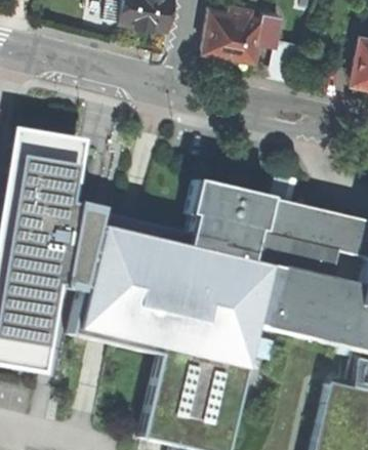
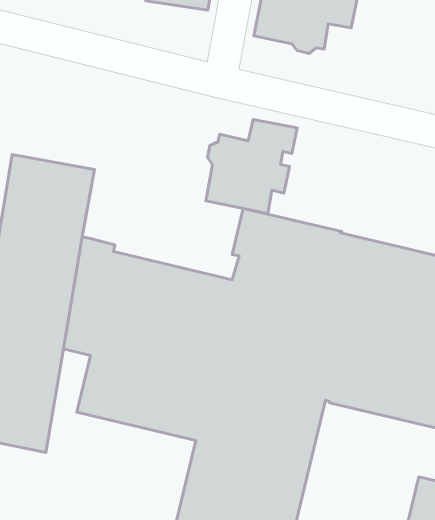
building: none -> [206,119,297,214]

